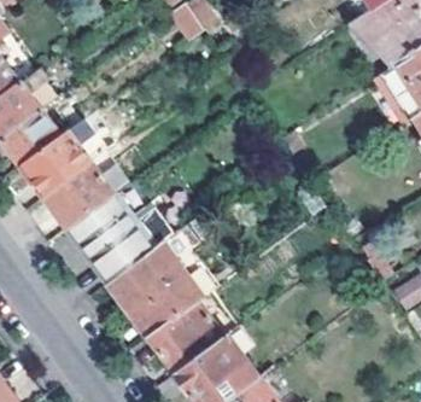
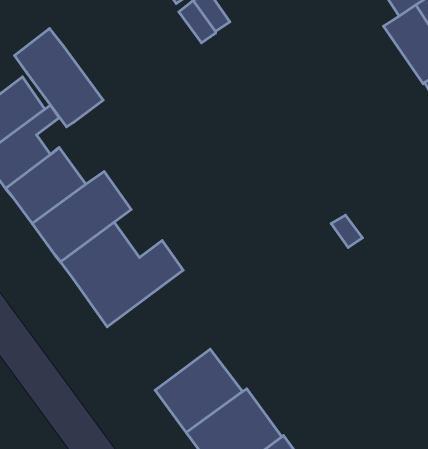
building: none -> [14,28,103,127]
building: [109,220,221,338] -> none

